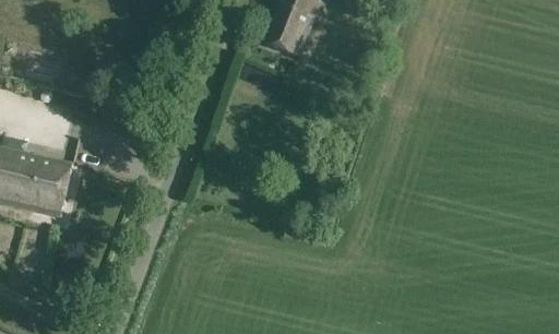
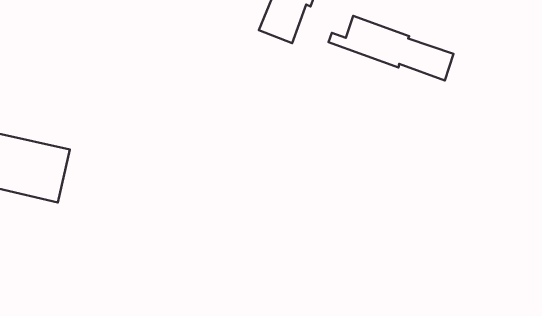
building: none -> [329,16,454,81]

